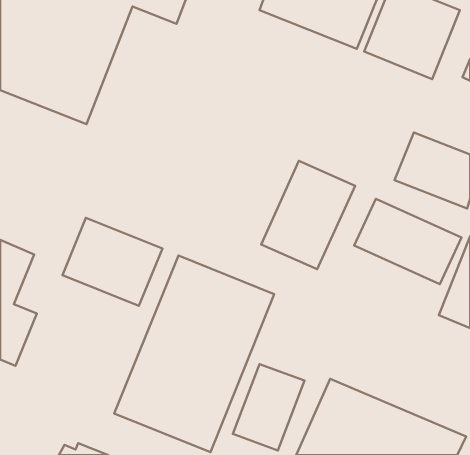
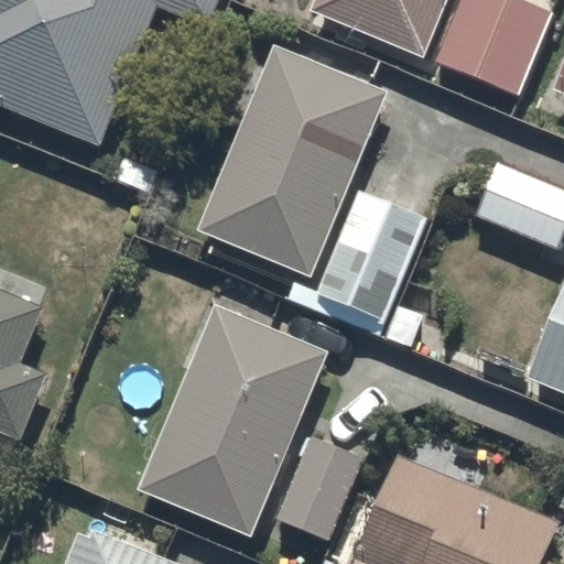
building: none -> [199,48,387,279]
building: [354,199,462,284] -> none
building: [63,218,162,306] -> none

